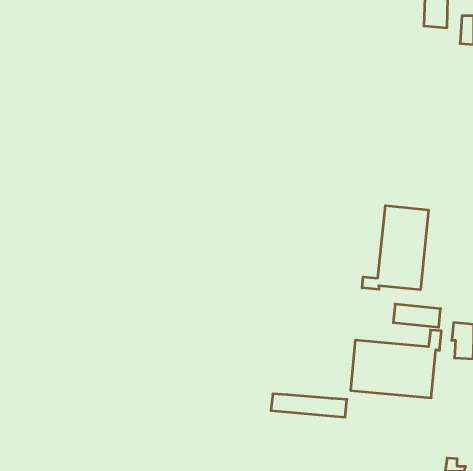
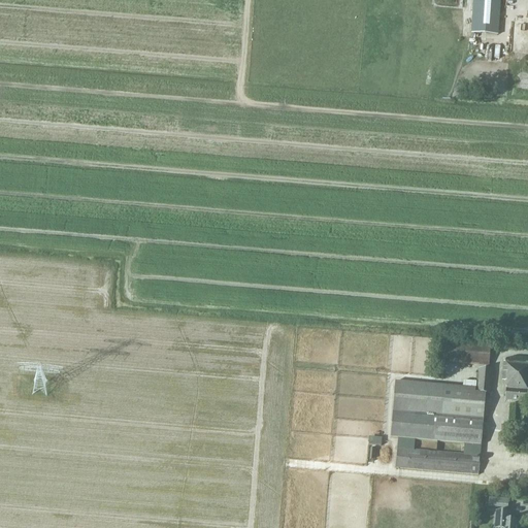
building: [362,206,428,290] -> none
building: [271,394,347,417] -> [396,447,481,472]

